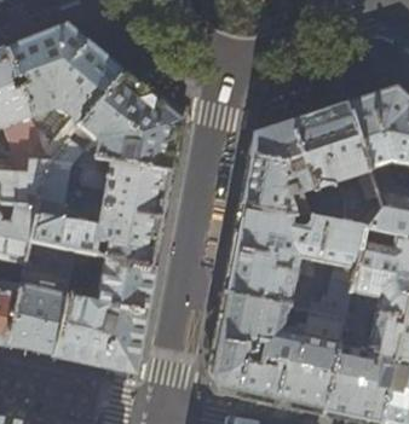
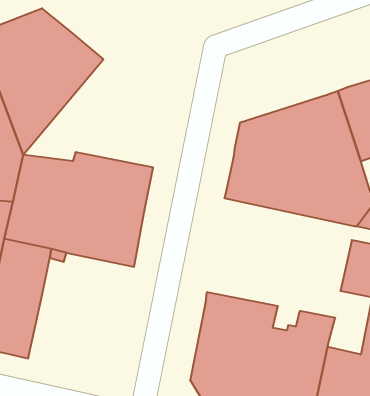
building: [47,70,182,173] -> none
building: [221,202,362,315] -> none
building: [52,257,152,371] -> none

